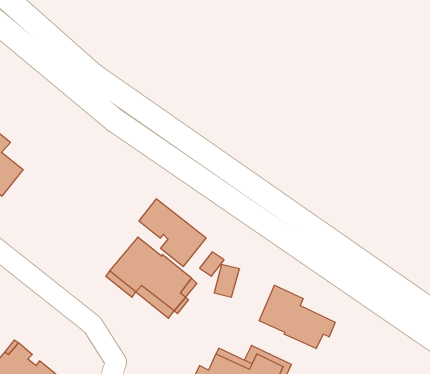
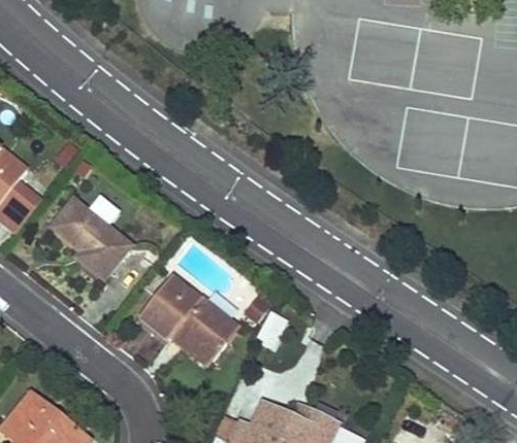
building: [139,199,206,266] -> [54,200,130,276]
building: [259,285,335,349] -> none

